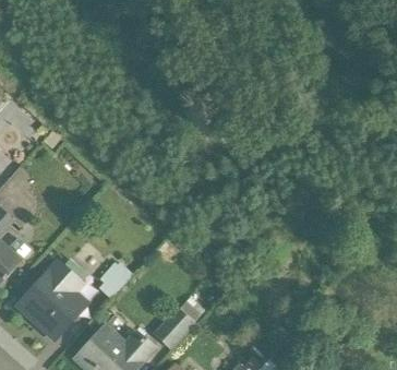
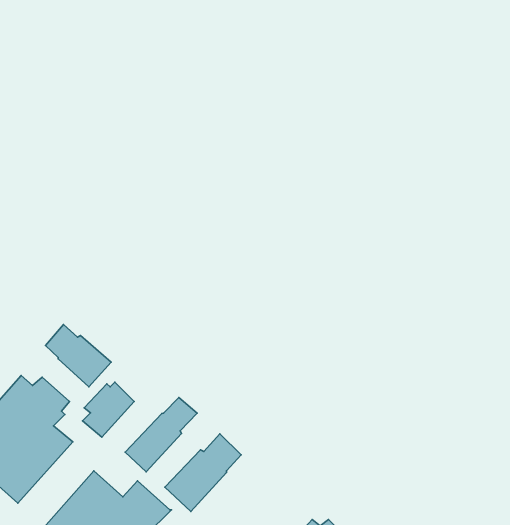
building: none -> [46,324,111,387]
building: none -> [125,397,197,472]

